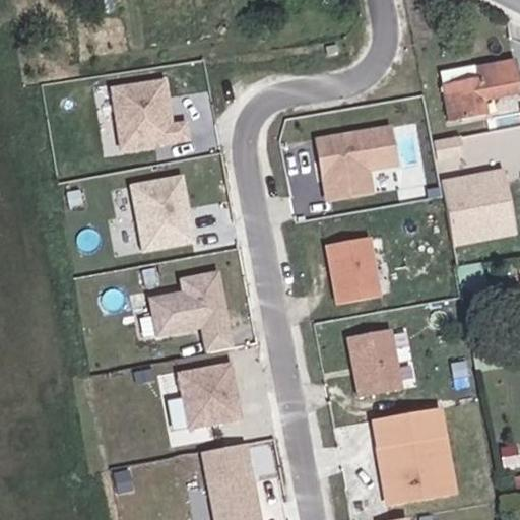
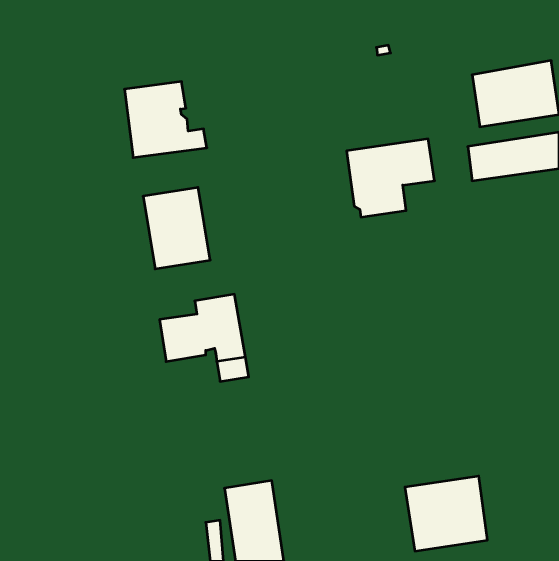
building: [440,167,511,243] -> none
building: [327,238,381,306] -> none
building: [346,332,400,400] -> none
building: [176,364,238,428] -> none
building: [370,412,442,449] -> none

